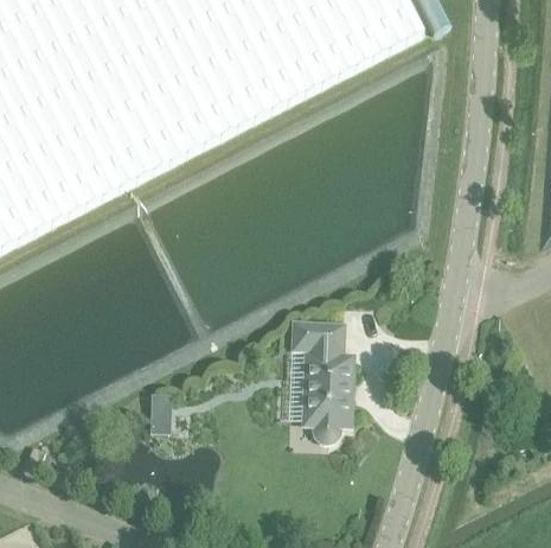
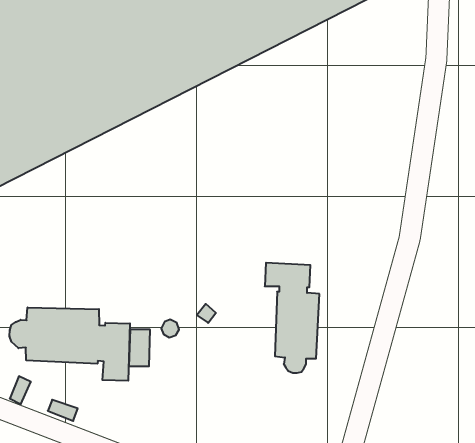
building: none -> [10,307,130,381]

